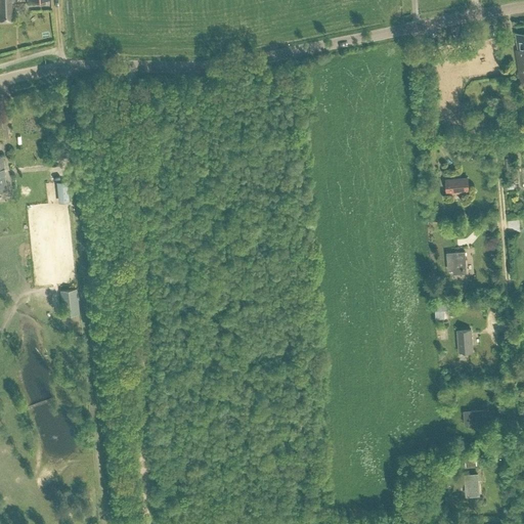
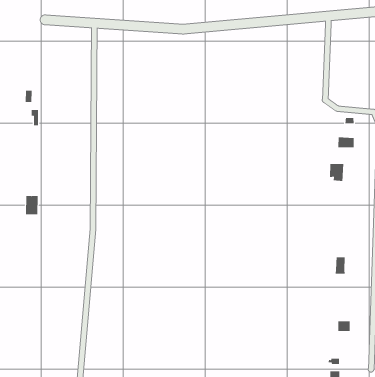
building: [446,252,466,274] -> [329,163,344,181]

